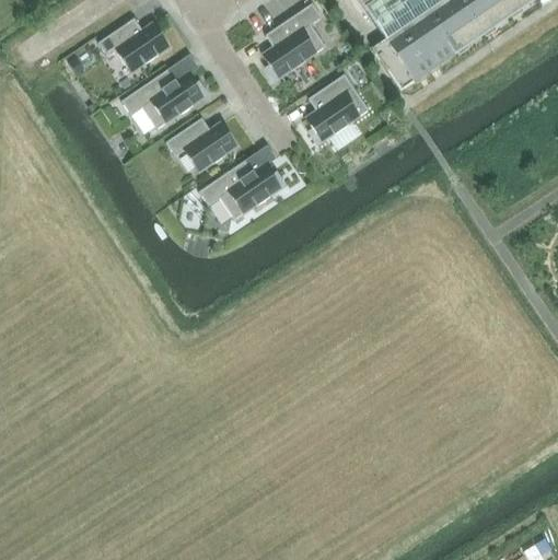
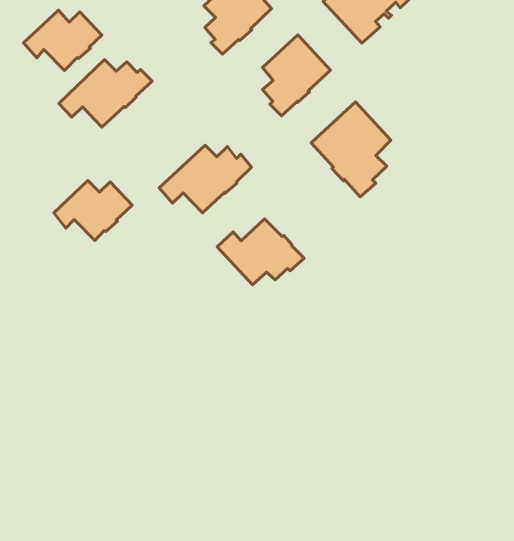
building: [167,117,239,172] -> [54,180,132,241]
building: none -> [311,102,391,197]
building: none -> [217,219,304,285]

